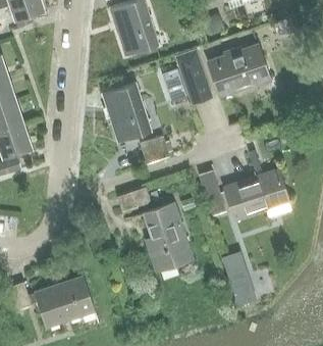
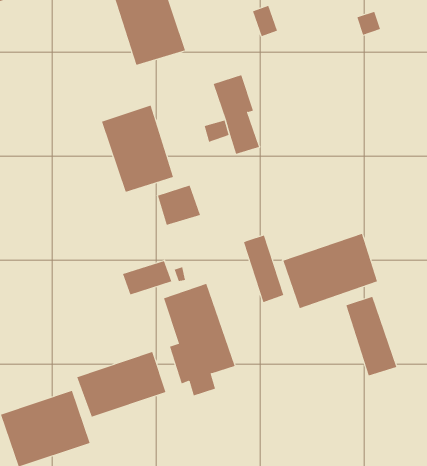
building: [208,44,270,95] -> none
building: none -> [77,351,166,417]
building: [222,251,257,305] -> [346,296,397,376]

